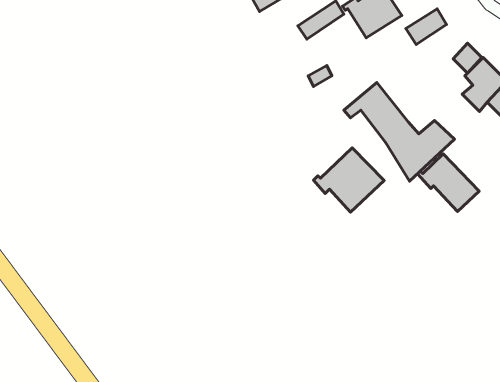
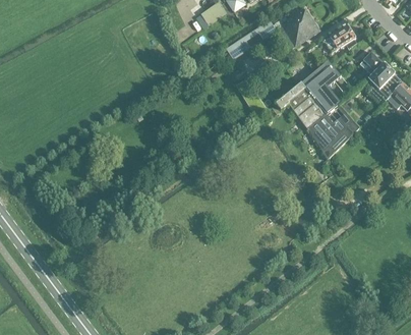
building: none -> [301,60,341,113]
building: [313,148,384,212] -> none
building: [417,154,479,212] -> none

